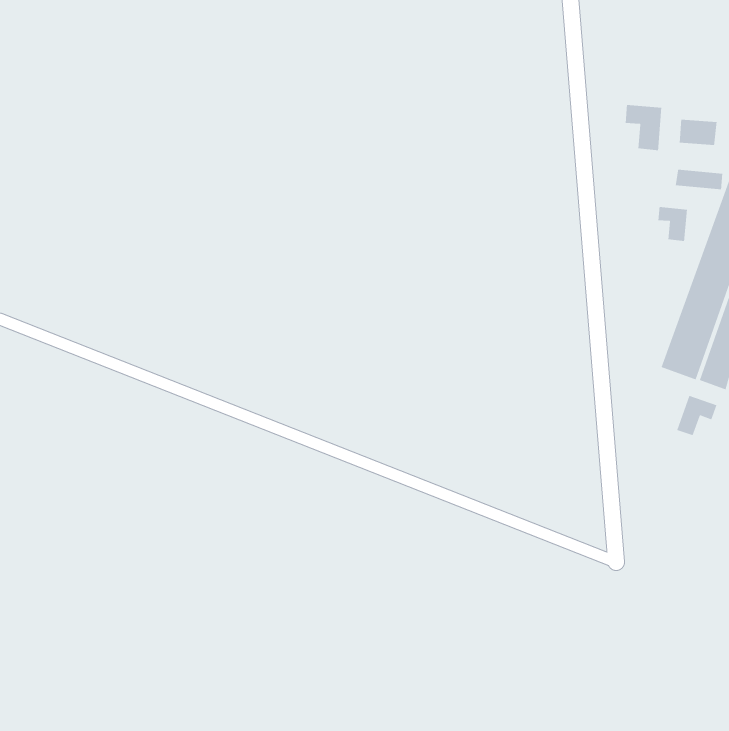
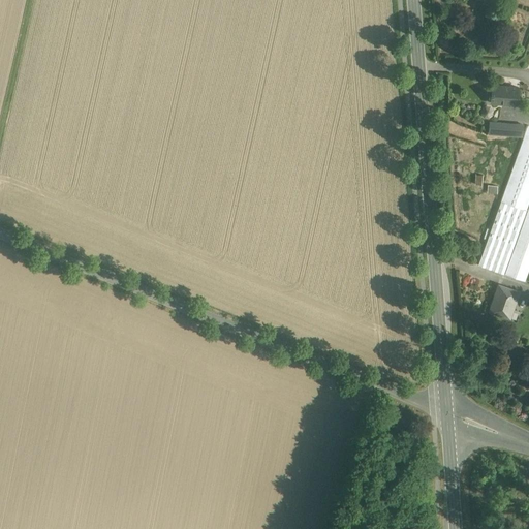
building: [625,104,662,151] -> none
building: [657,206,688,242] -> none

